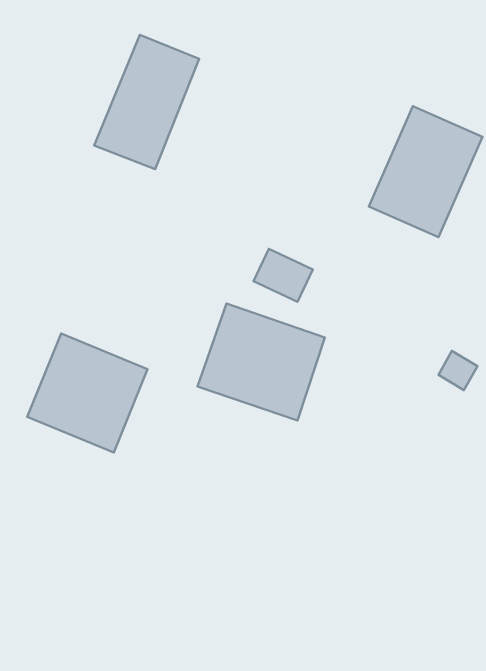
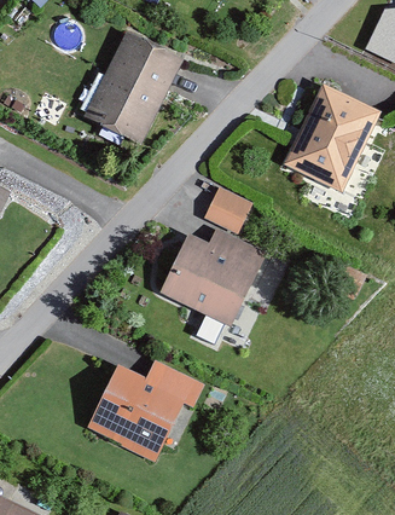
building: [27,333,148,452] -> [95,366,181,451]

